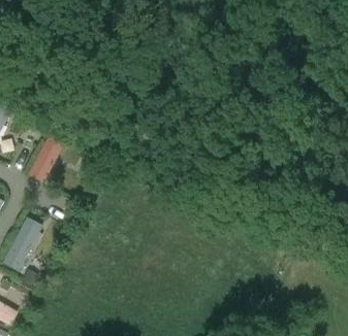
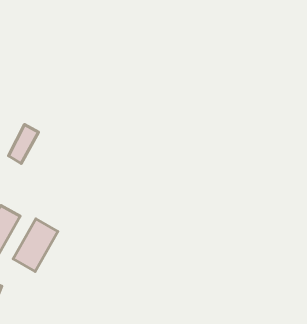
building: none -> [13,219,58,272]

